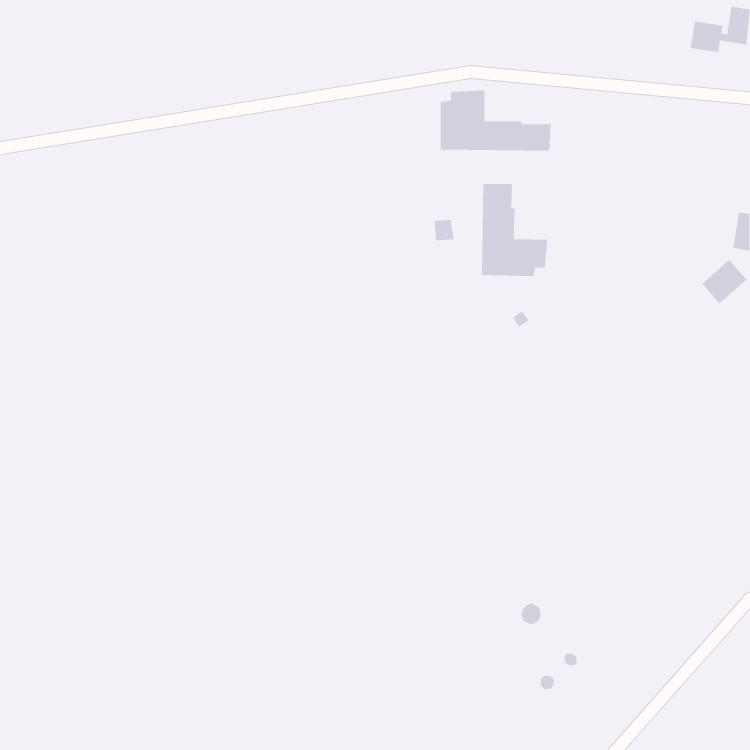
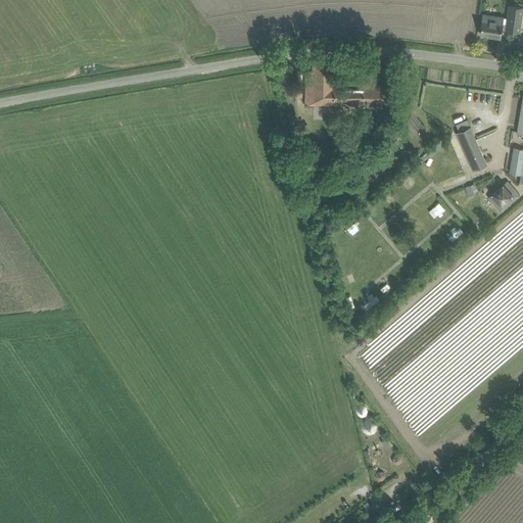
building: none -> [455,127,486,172]
building: [481,183,548,277] -> none

